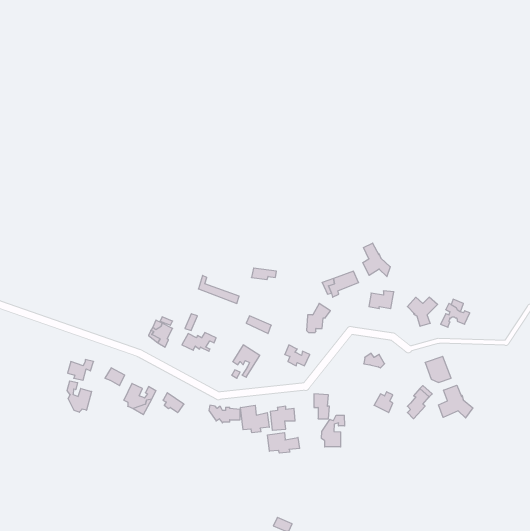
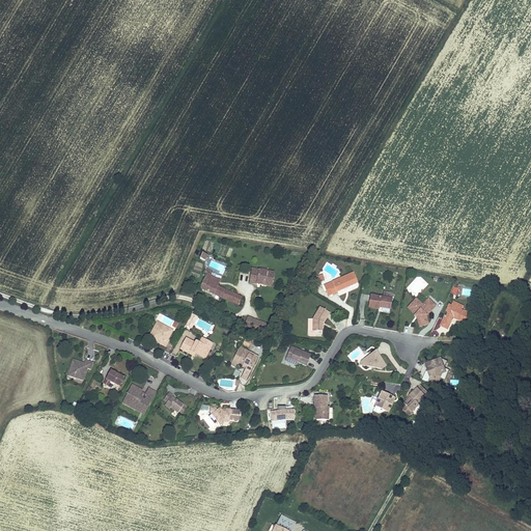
building: [363,243,390,277] -> none
building: [67,381,92,412] -> none
building: [439,385,473,418] -> none
building: [241,405,269,433] -> none
building: [322,415,345,447] -> none
building: [268,433,300,453] -> none

